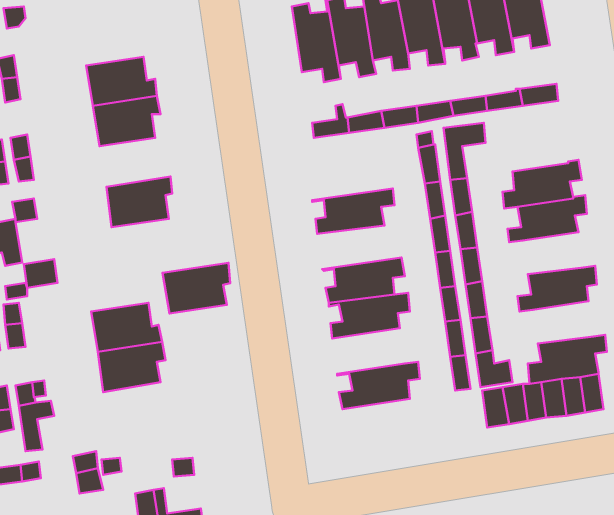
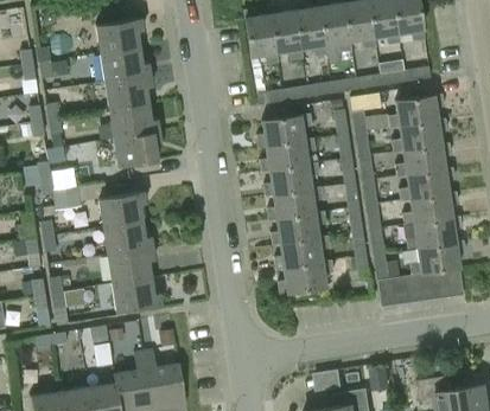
building: none -> [95,18,142,53]
building: none -> [388,96,444,129]
building: none -> [108,104,158,139]
building: none -> [256,115,314,148]
building: none -> [261,165,320,197]
building: none -> [399,169,454,203]
building: [163,263,230,313] -> [97,191,145,226]
building: none -> [406,218,463,251]
building: none -> [272,238,330,270]
building: none -> [110,276,161,312]

